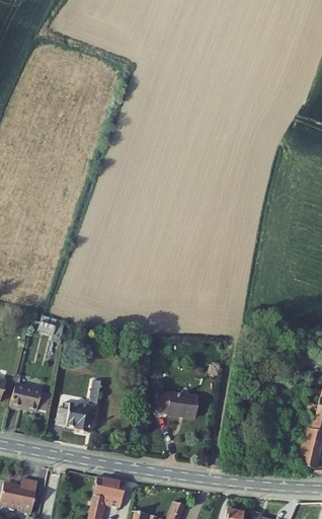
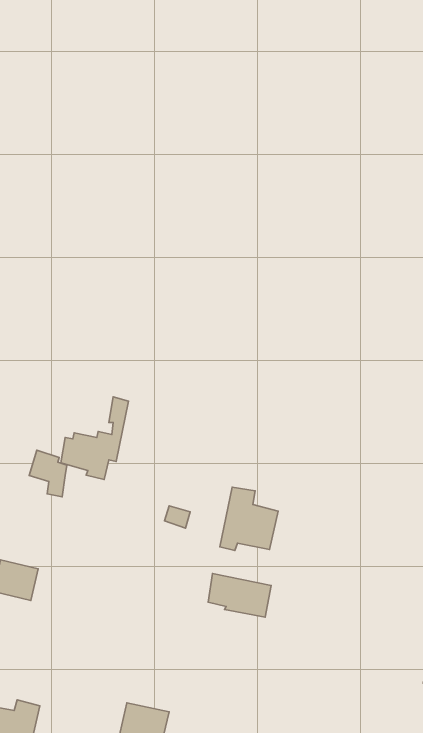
building: none -> [220,487,278,550]
building: [55,378,100,434] -> [61,397,128,480]

